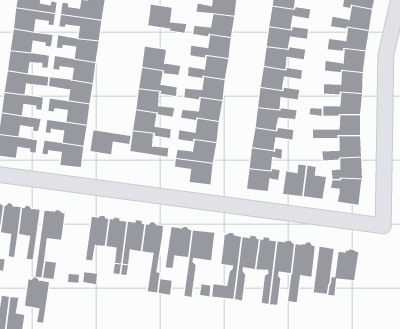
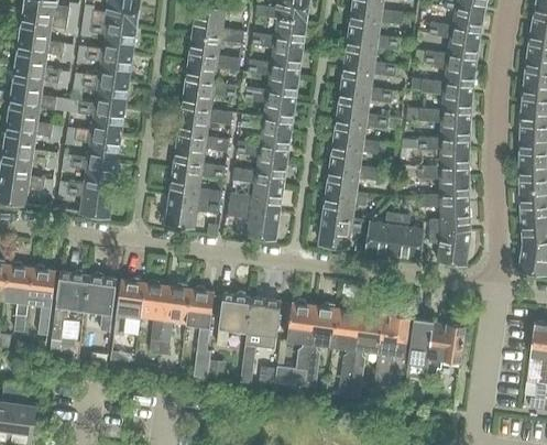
building: none -> [189,33,240,70]
building: [90,130,132,155] -> [166,195,220,227]
building: [24,277,50,323] -> [84,272,117,332]

